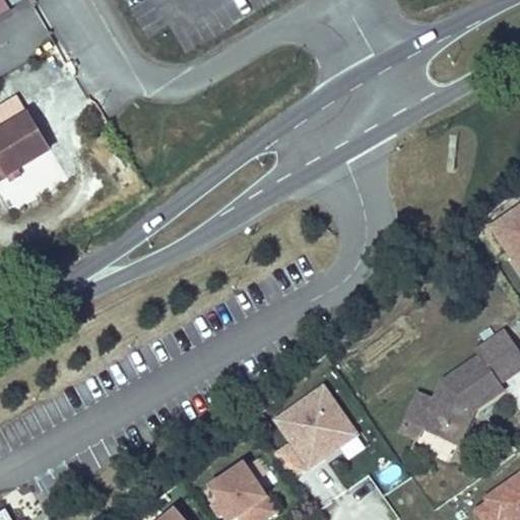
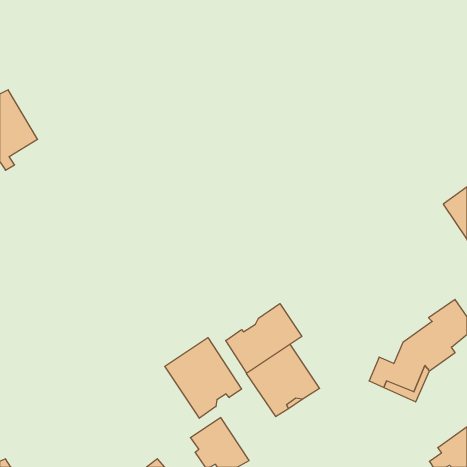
building: none -> [226,304,302,373]
building: none -> [165,338,242,418]

